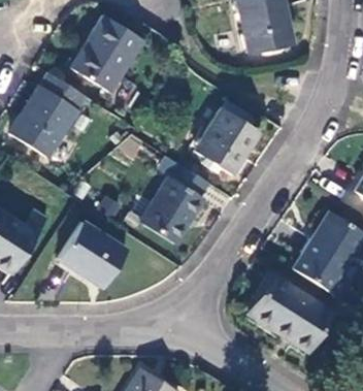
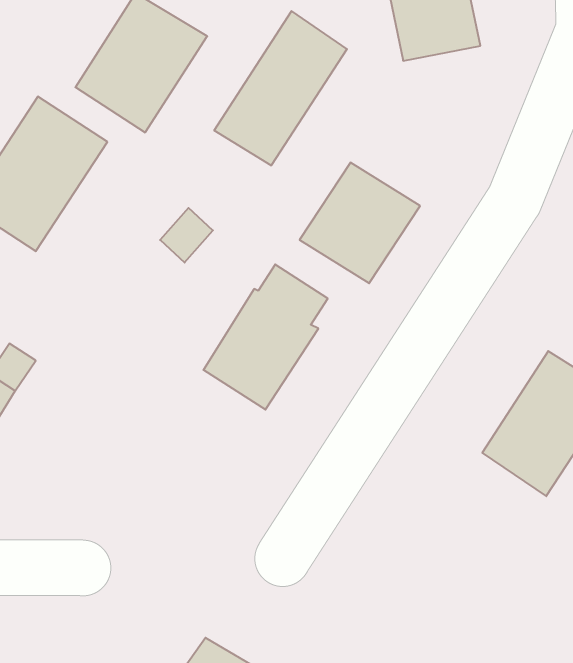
building: none -> [214,11,347,166]
building: [59,221,127,287] -> none
building: [249,274,332,351] -> none

